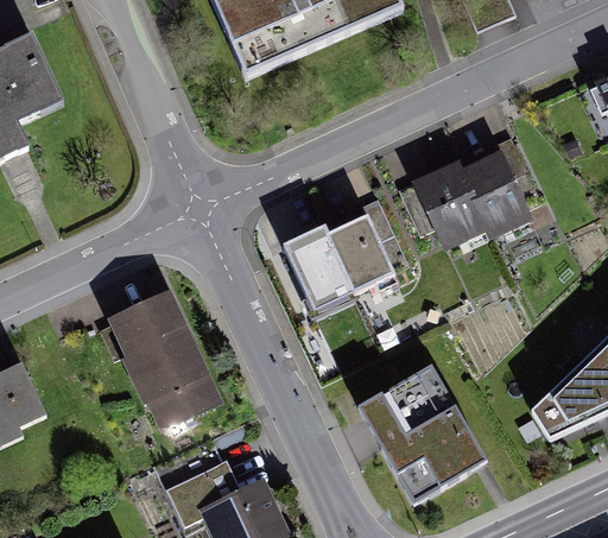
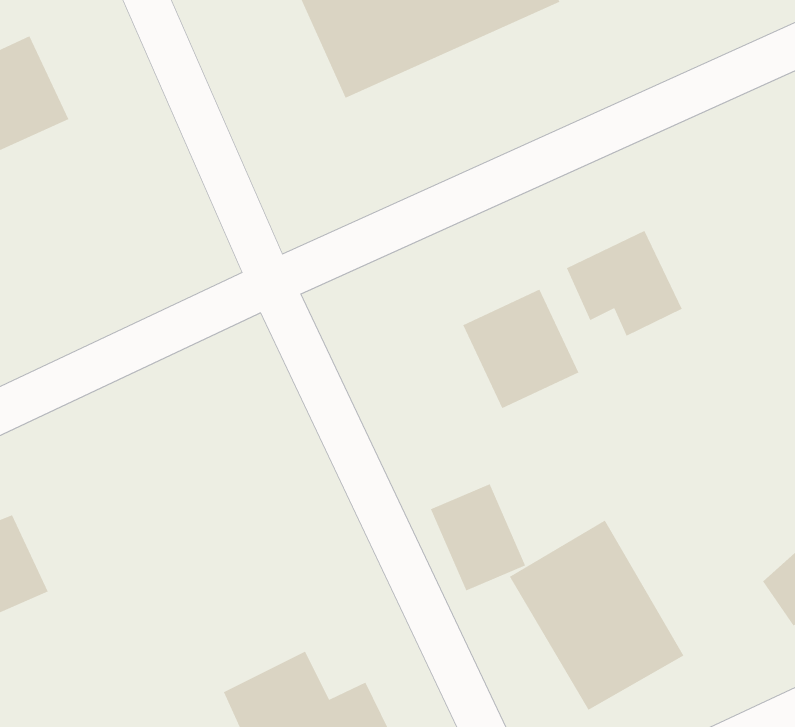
building: [461,146,540,228] -> none
building: [284,226,350,300] -> [430,483,526,592]
building: [99,293,215,425] -> none

